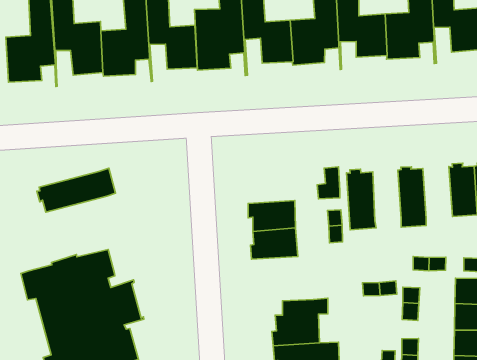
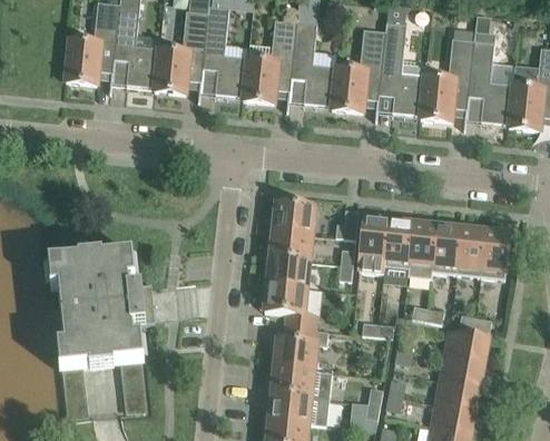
building: none -> [432,222,461,273]
building: [37,168,115,212] -> none
building: none -> [384,217,413,267]
building: none -> [269,202,315,234]
building: none -> [262,282,316,329]

